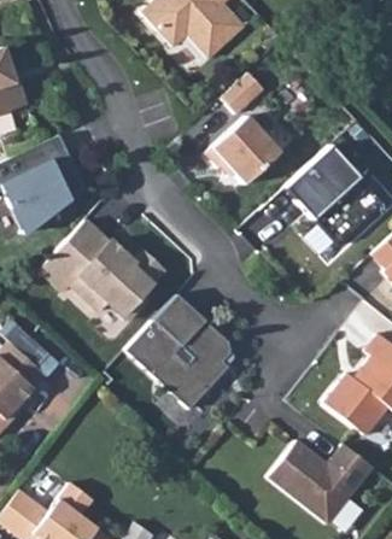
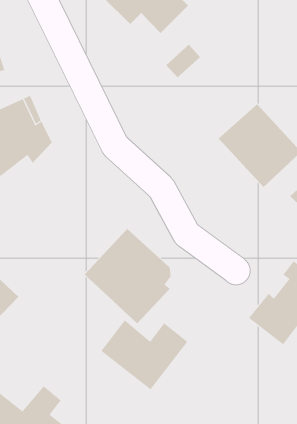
building: [213,116,287,184] -> none
building: [42,219,165,320] -> none
building: [267,439,371,523] -> [100,320,188,390]

